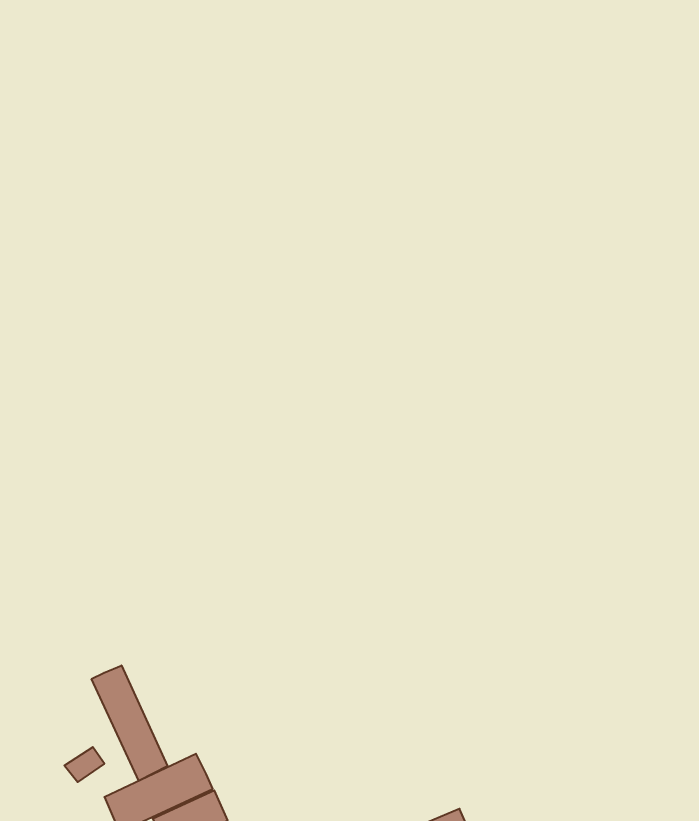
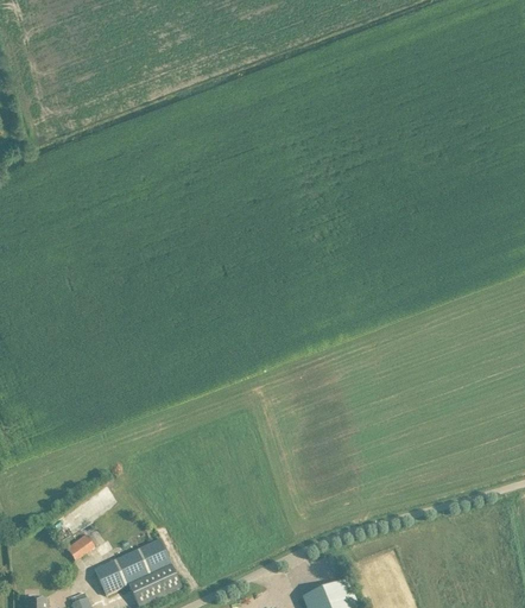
building: [92,665,167,781] -> none

